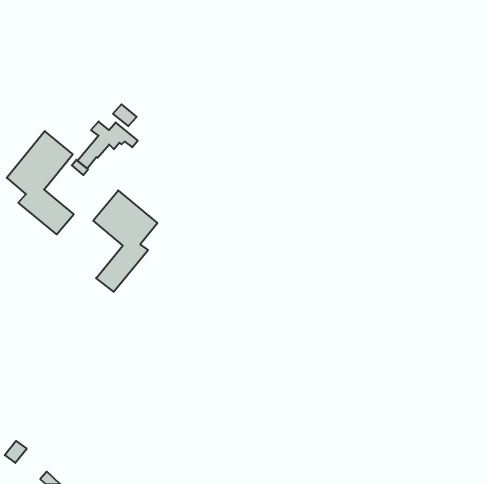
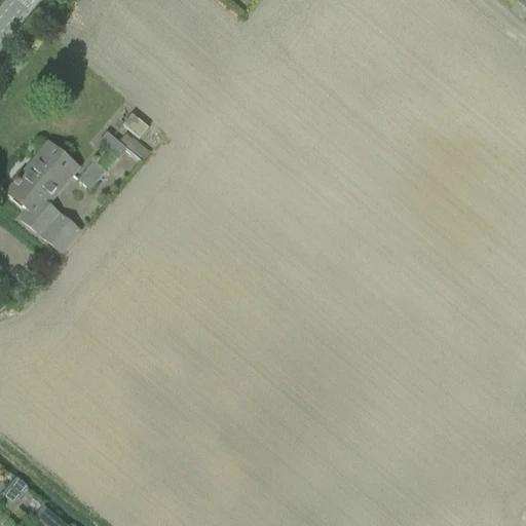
building: [93,190,157,292] -> none

